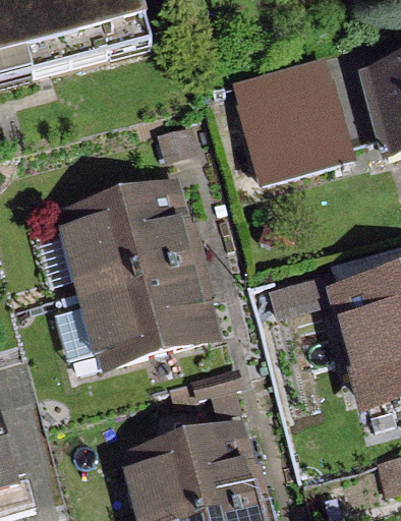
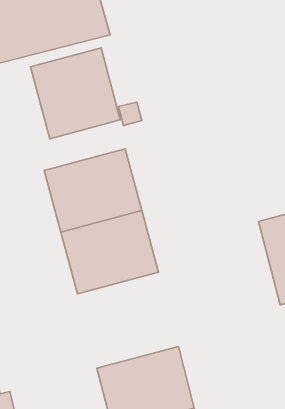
building: none -> [31,48,120,139]
building: [239,81,348,181] -> none

